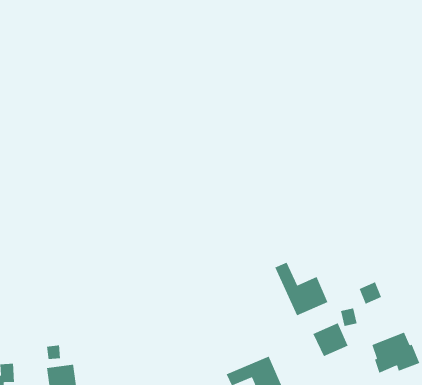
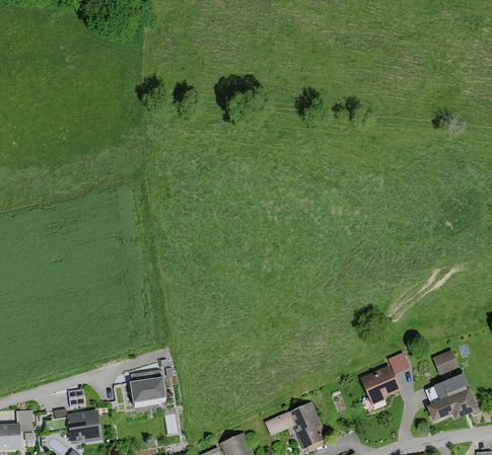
building: [275,262,328,316] -> none
building: [359,282,382,305] -> [432,350,458,375]
building: none -> [131,370,167,404]

